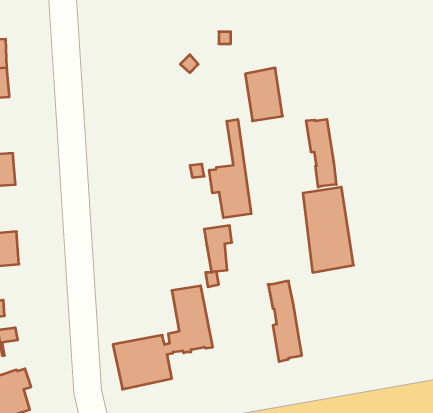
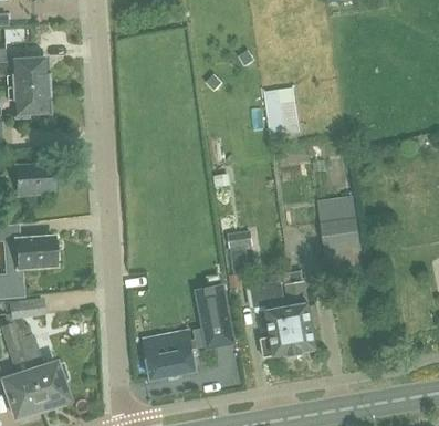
building: [209,119,251,218] -> none
building: [306,119,336,187] -> none
building: none -> [250,281,295,357]

